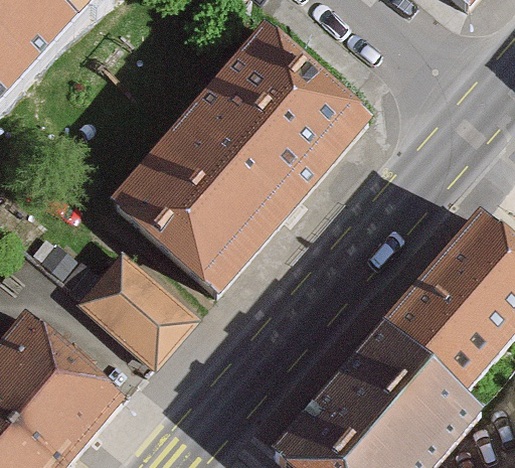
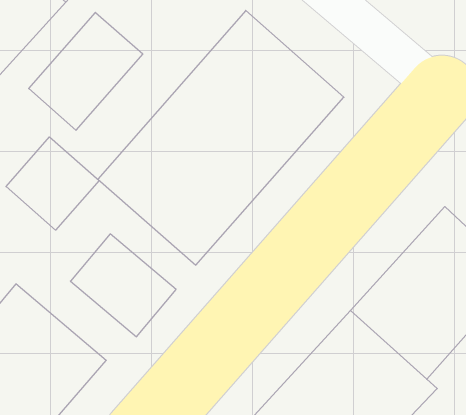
building: none -> [29,12,143,130]
building: none -> [6,137,99,230]

